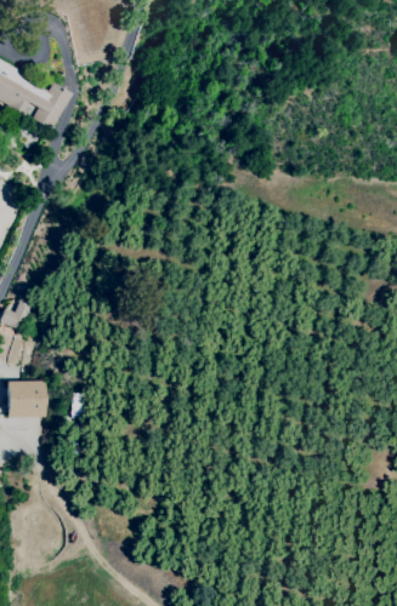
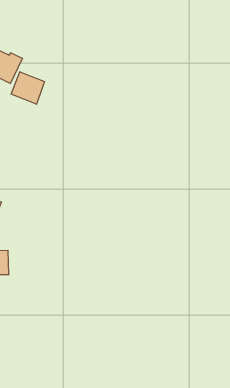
building: none -> [11,72,44,104]

